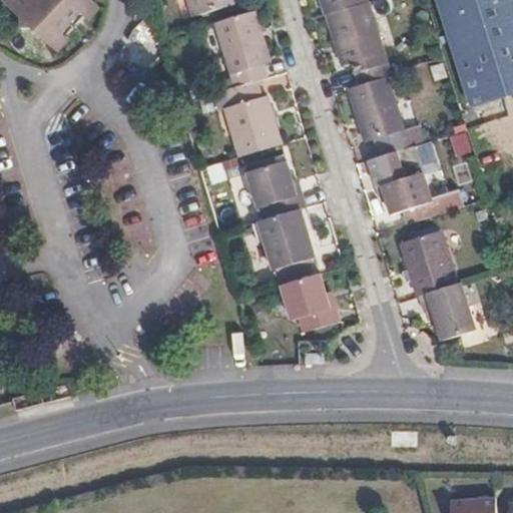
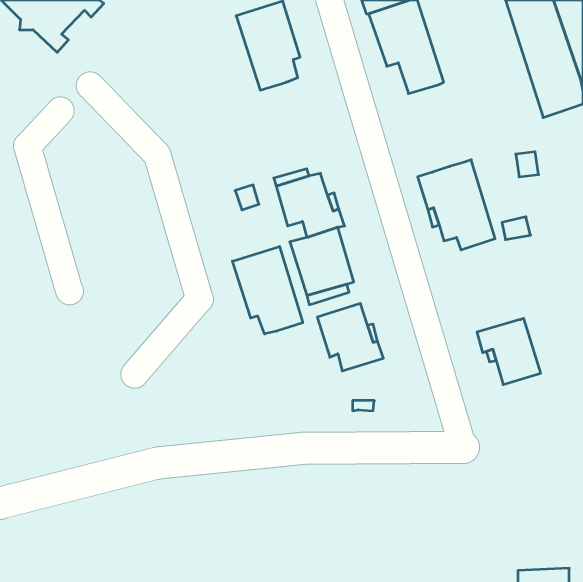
building: [219,73,277,149] -> none
building: [348,75,408,152] -> none
building: none -> [232,246,303,334]
building: [400,230,457,294] -> none

